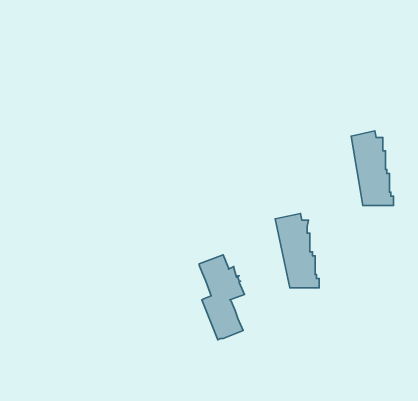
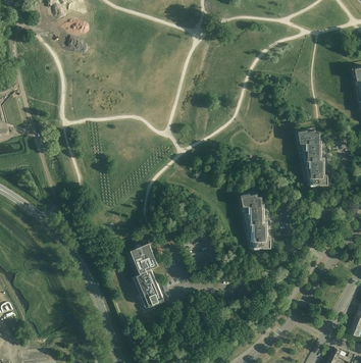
building: [199,255,244,340] -> [132,243,166,308]

